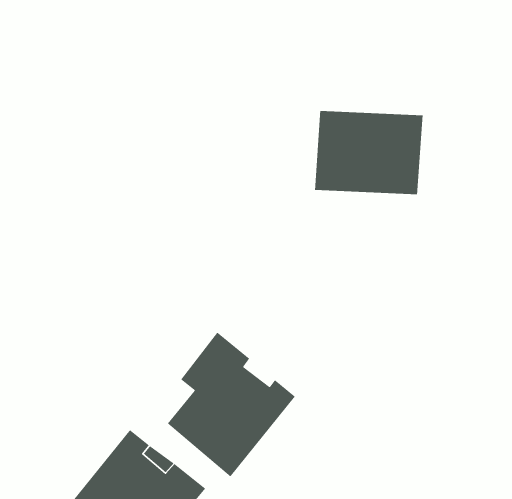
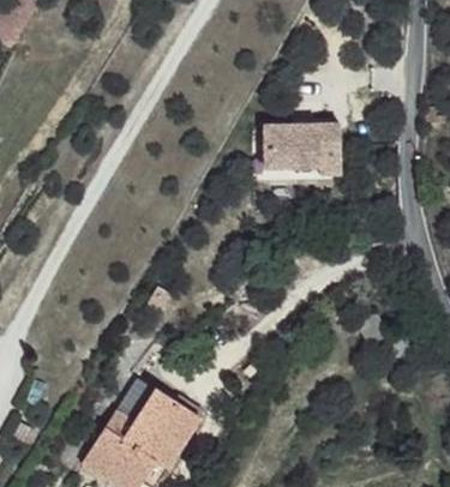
building: [167,332,296,478] -> none

